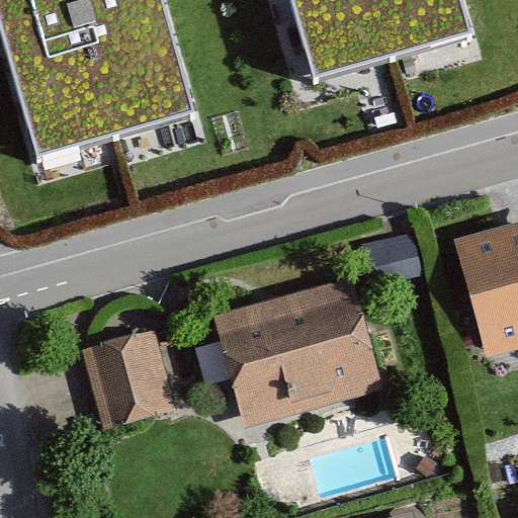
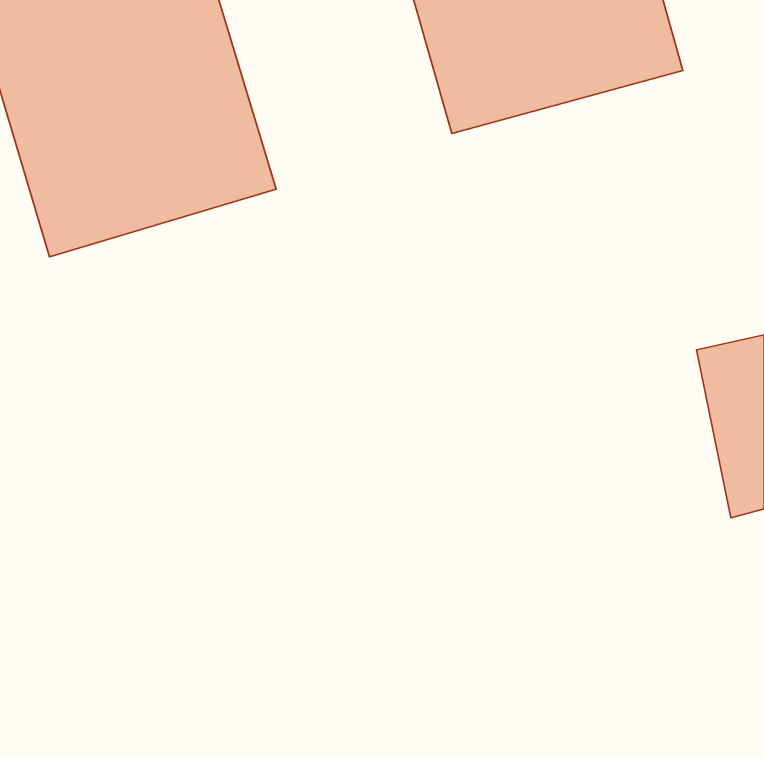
building: [225,274,393,409] -> none
building: [83,324,181,424] -> none

